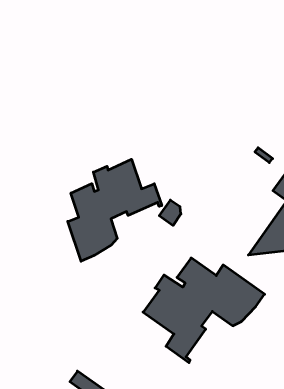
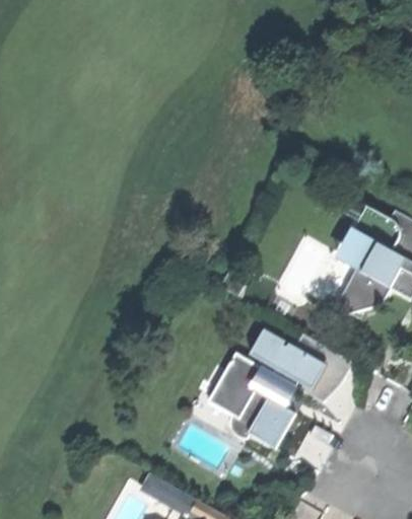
building: [68,159,162,261] -> none

